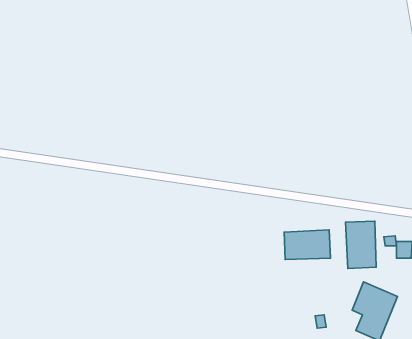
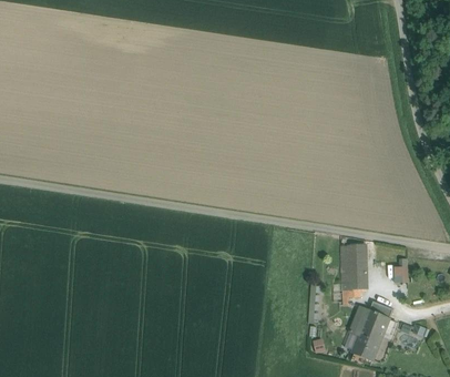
building: [284,230,330,259] -> none

